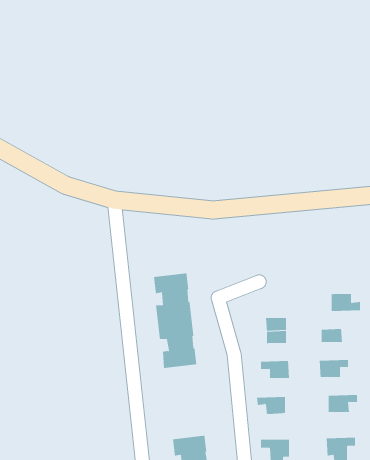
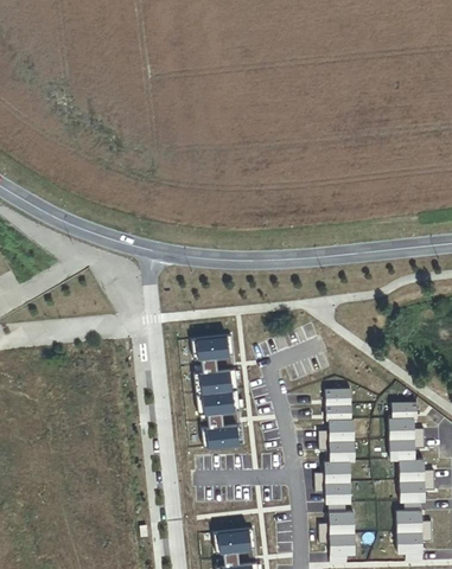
building: [331,294,361,312] -> [388,418,424,440]
building: none -> [318,420,352,441]
building: none -> [397,459,434,481]
building: none -> [313,461,349,484]
building: none -> [395,501,432,532]
building: none -> [318,503,354,533]

